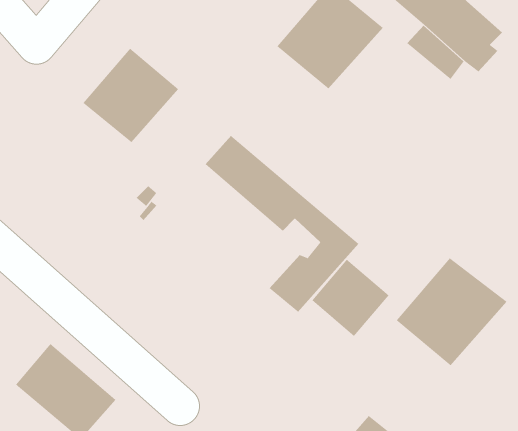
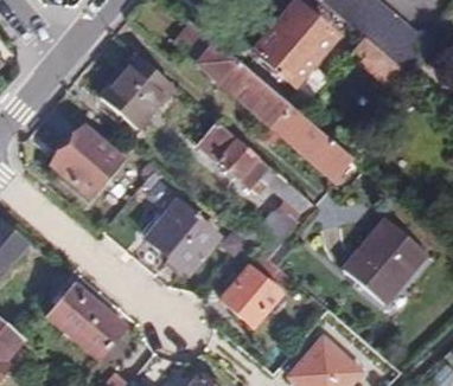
building: none -> [174,26,353,188]
building: none -> [51,126,121,195]
building: none -> [145,202,215,271]
building: [311,259,389,337] -> [218,266,279,327]

